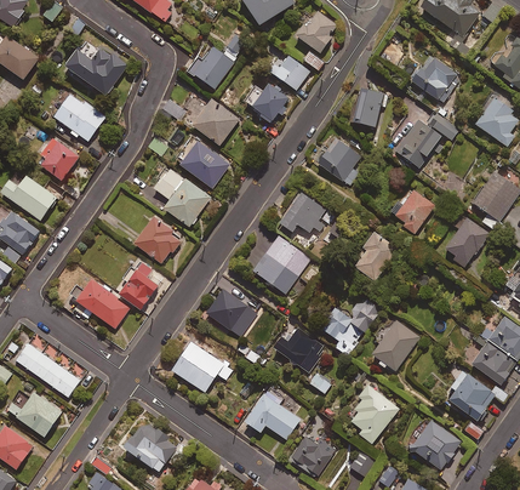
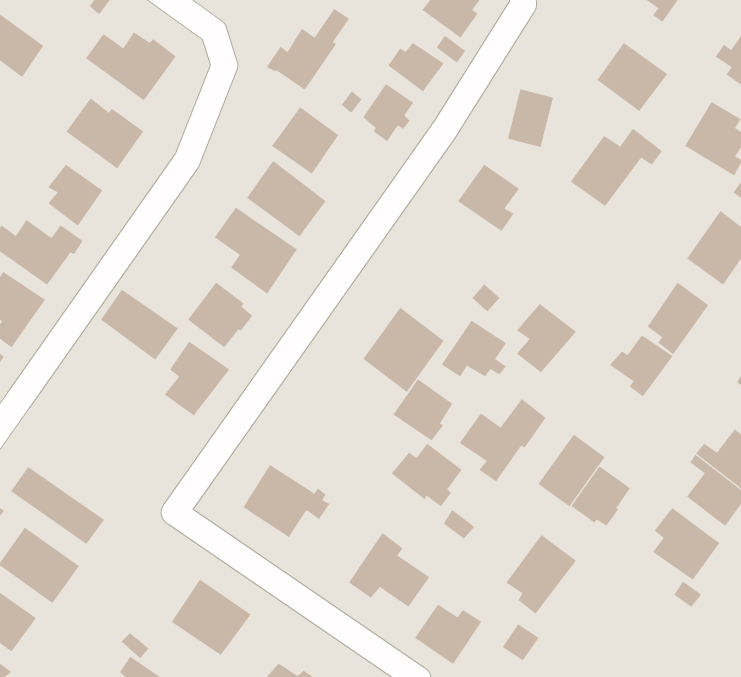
building: [390,190,434,233] -> [609,335,674,397]
building: [279,193,324,232] -> [441,320,507,377]
building: [76,280,130,329] -> [100,289,179,361]
building: [205,289,246,331] -> [392,379,453,441]
building: none -> [571,466,631,526]
building: [412,421,461,469] -> none

